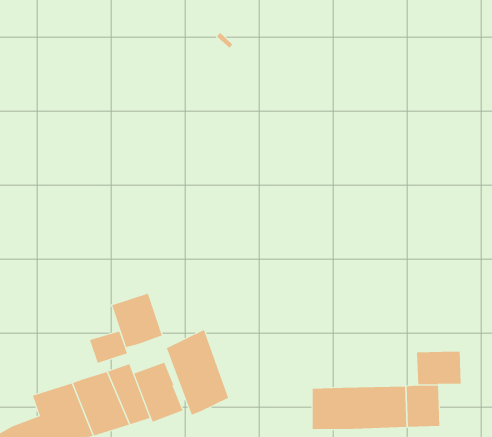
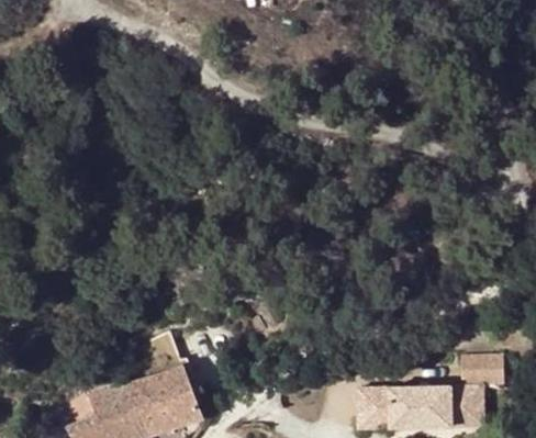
building: [111,293,163,348] -> none
building: [166,329,229,416] -> none
building: [134,362,183,422] -> none

